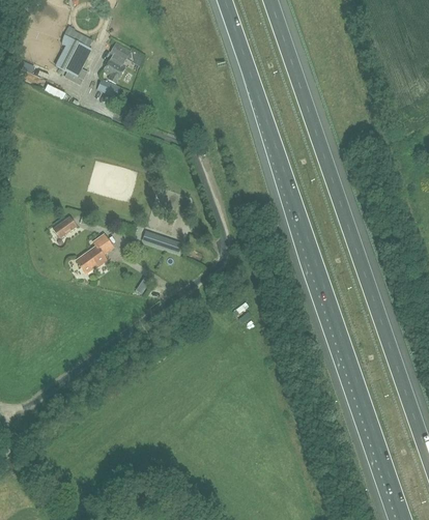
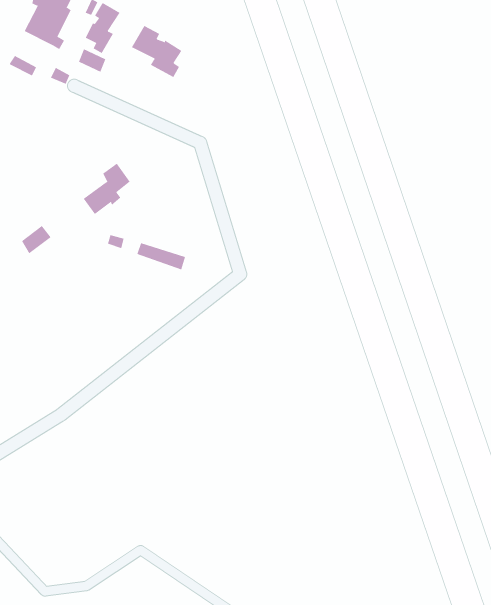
building: none -> [131,25,182,78]
building: [77,233,114,273] -> [83,163,130,215]

